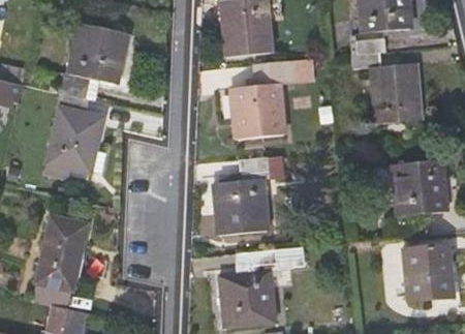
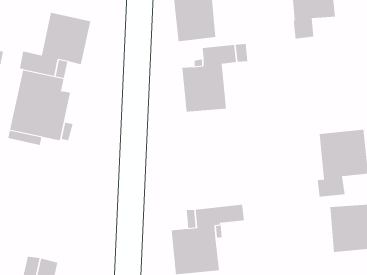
building: [353,53,422,124] -> none
building: [214,155,285,235] -> none
building: [35,220,86,291] -> none

